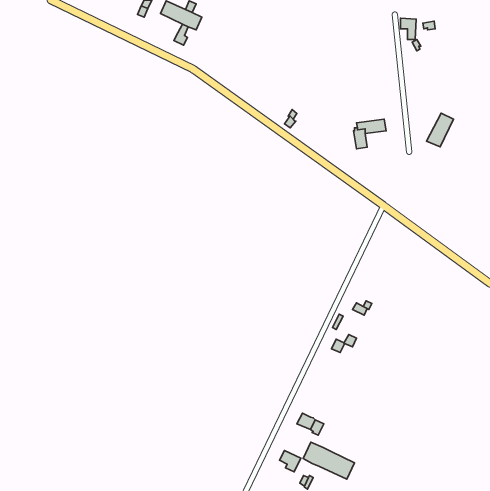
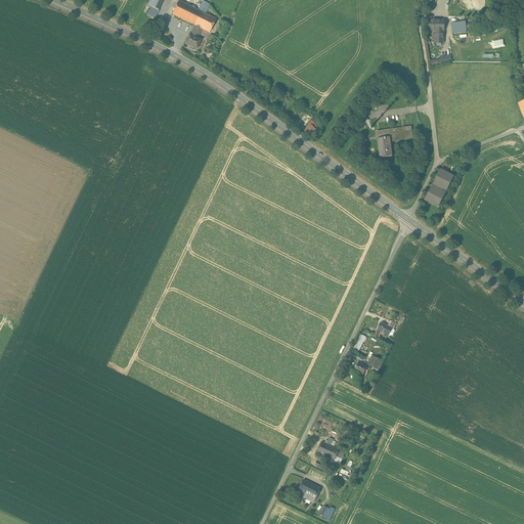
building: [427,113,454,147] -> [424,171,452,207]
building: [303,442,354,479] -> none

